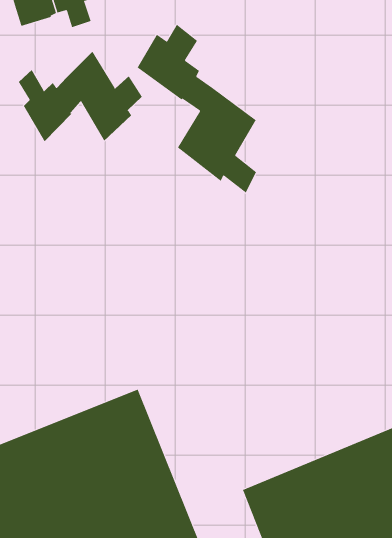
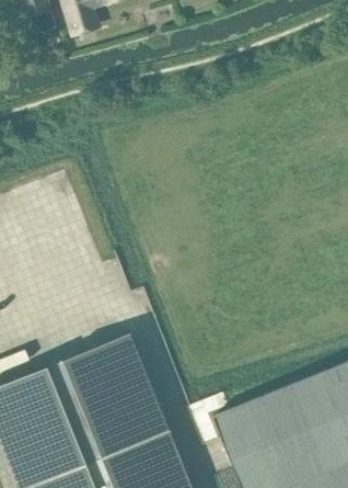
building: [137,24,257,194] -> none
building: [18,51,143,142] -> none

